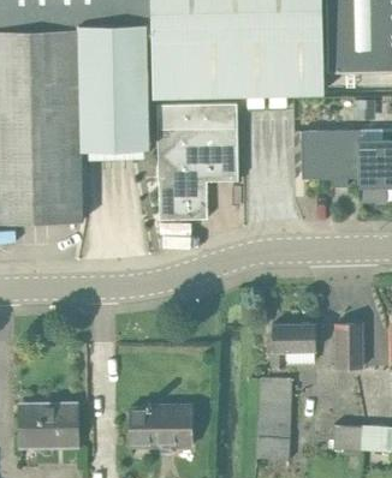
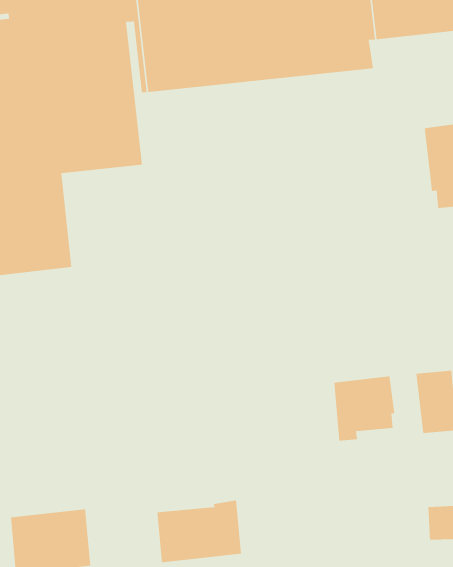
building: [156,103,237,219] -> none
building: [302,130,358,179] -> none
building: [256,377,291,460] -> none

